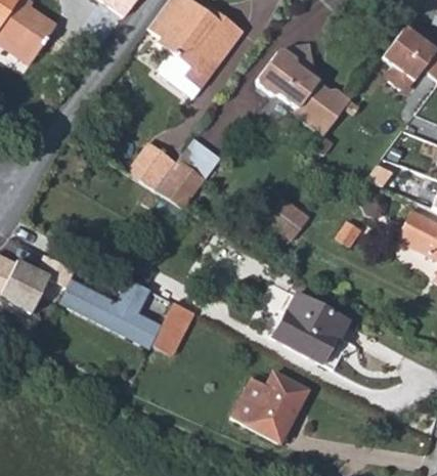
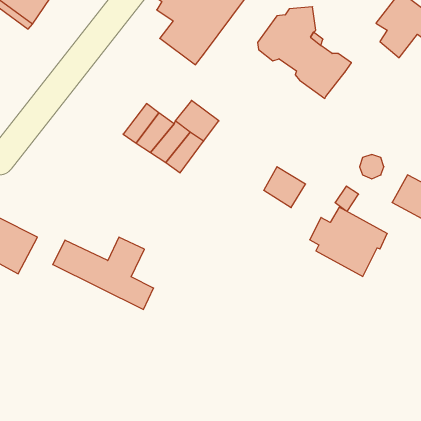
building: [268,295,346,364] -> [310,207,387,276]
building: [147,300,189,357] -> none
building: [232,372,307,442] -> none

